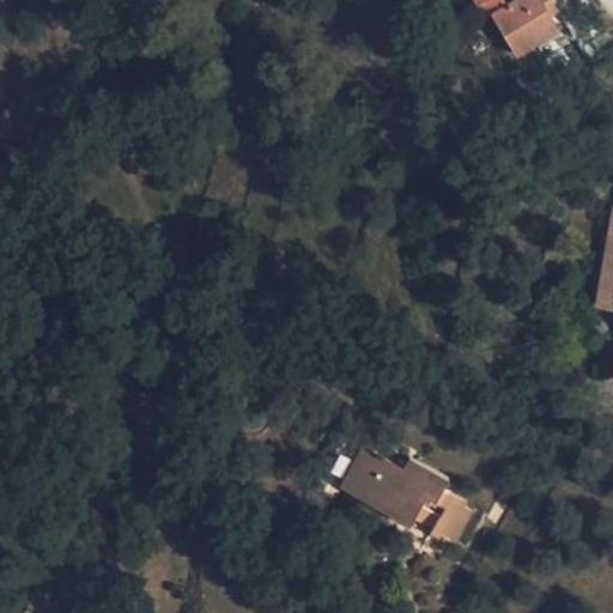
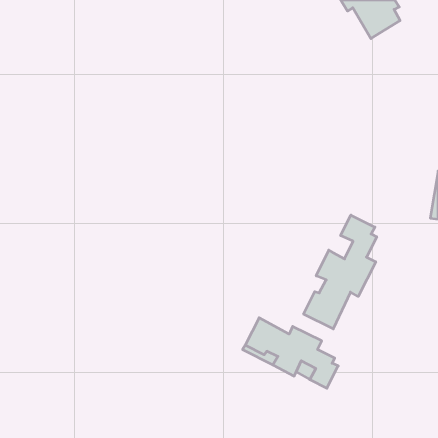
building: none -> [304,215,377,329]

